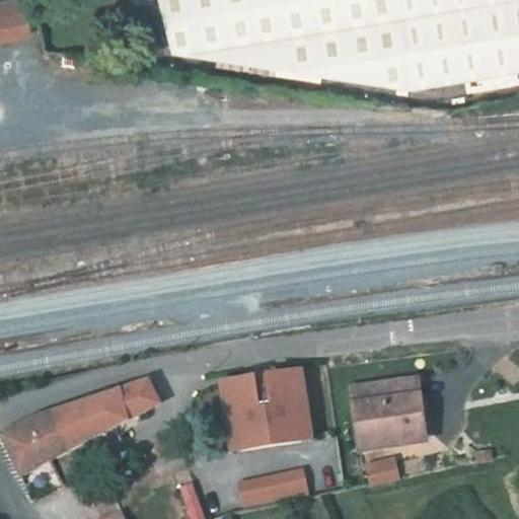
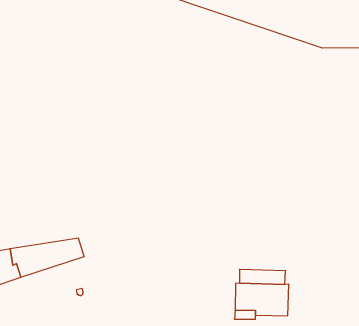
building: [216,361,310,447] -> none

